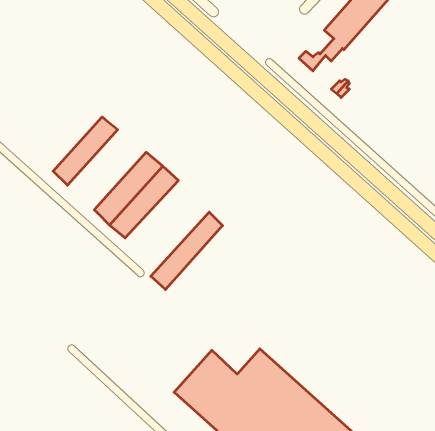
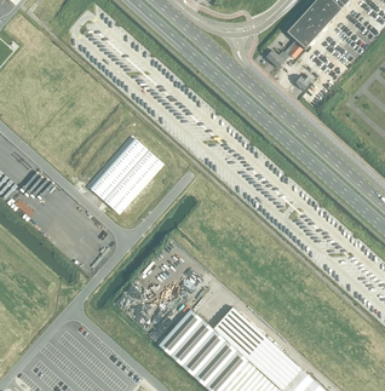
building: [53,117,118,185] -> none
building: [151,212,223,290] -> none

